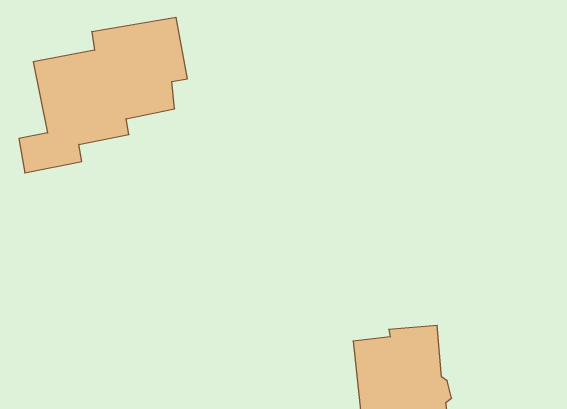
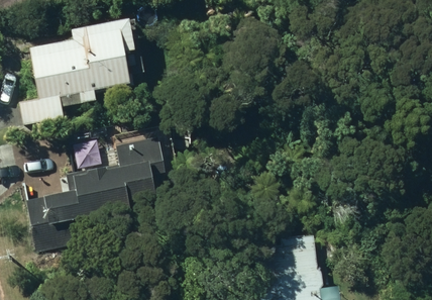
building: none -> [28,135,167,254]

